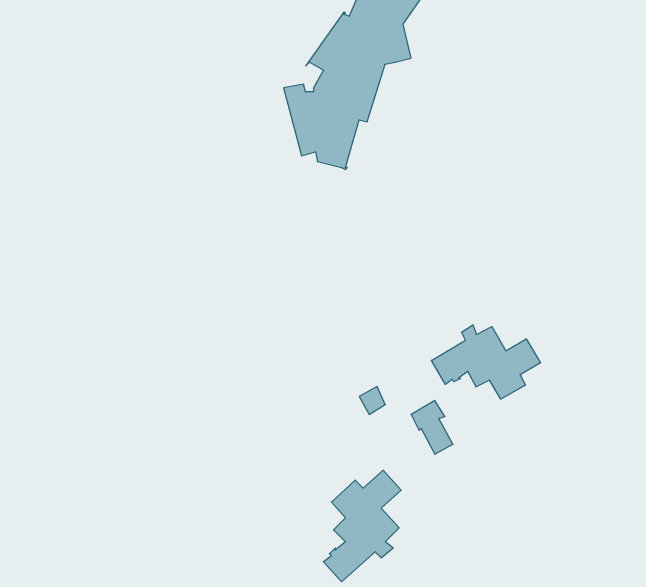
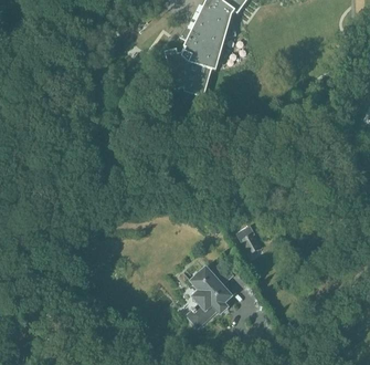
building: [431,325,540,399] -> none

